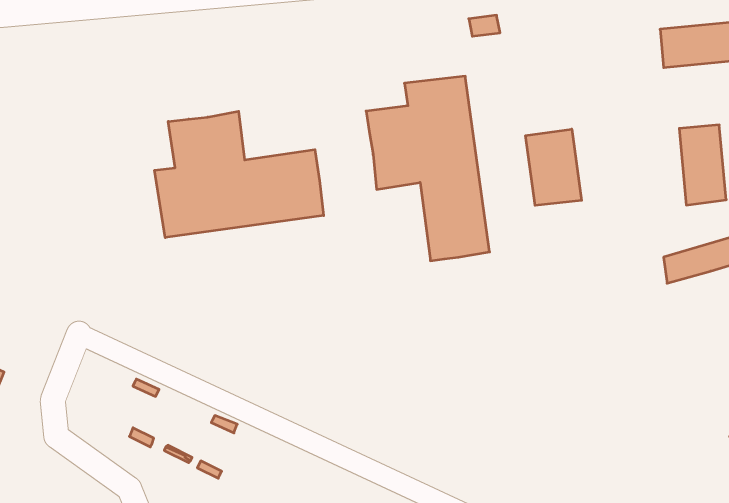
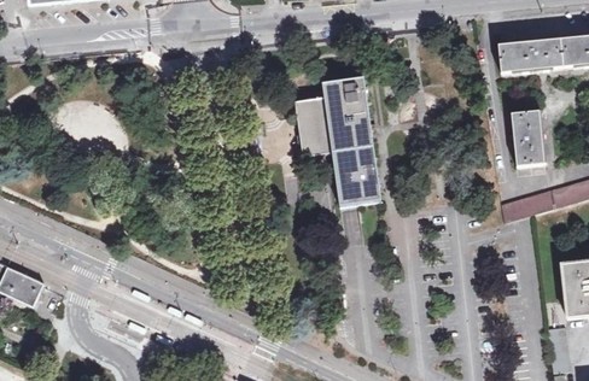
building: [155,111,324,238] -> none
building: [526,129,582,205] -> none

